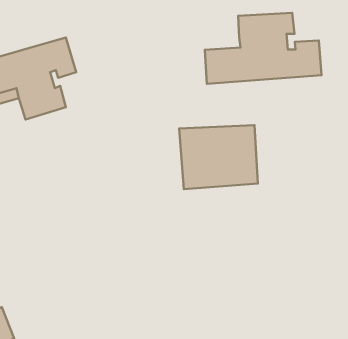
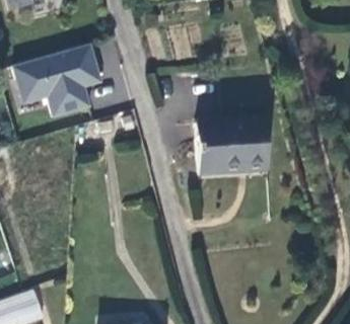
building: [205,13,321,84] -> none

